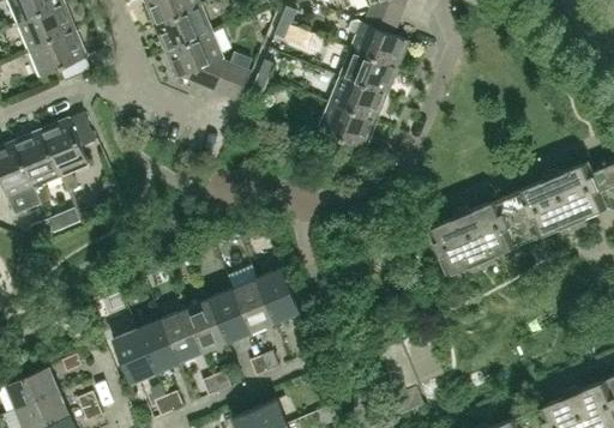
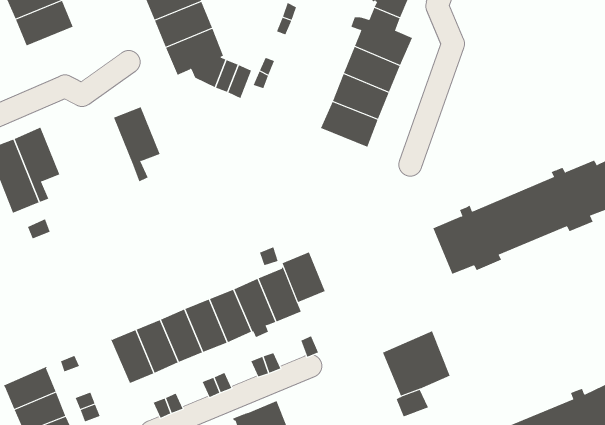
building: [29,31,86,77] -> none
building: [43,119,90,193] -> [113,107,161,182]
building: none -> [282,252,325,303]

